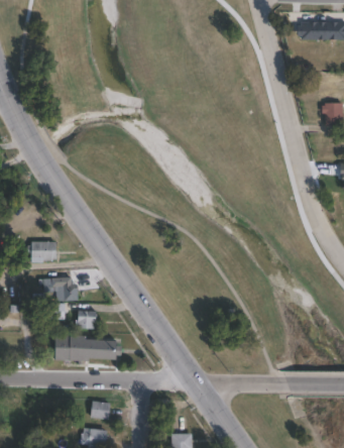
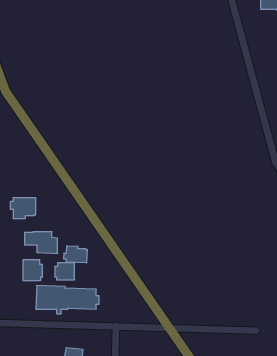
building: none -> [64,246,87,263]
building: none -> [23,260,42,281]

